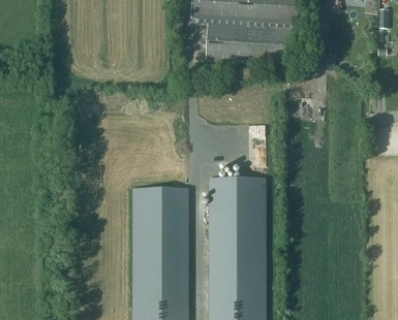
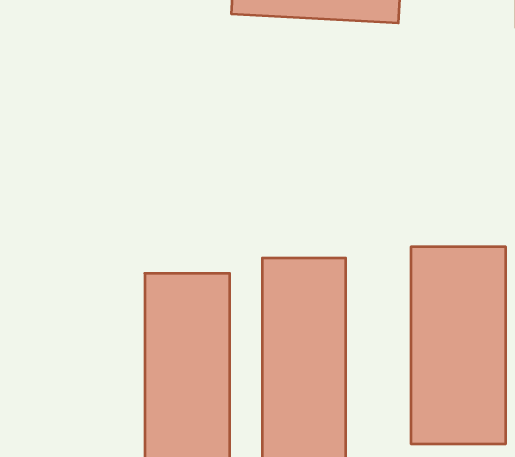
building: [206,23,288,65] -> none
building: none -> [411,247,505,444]

